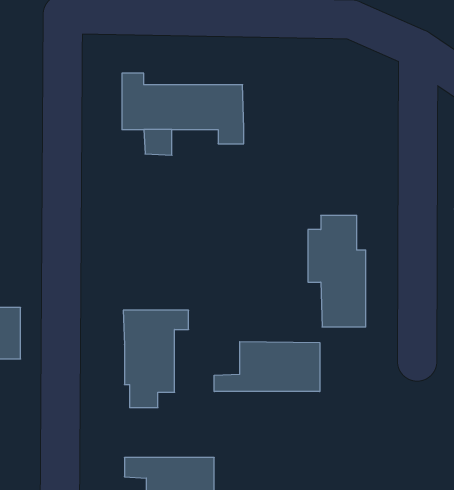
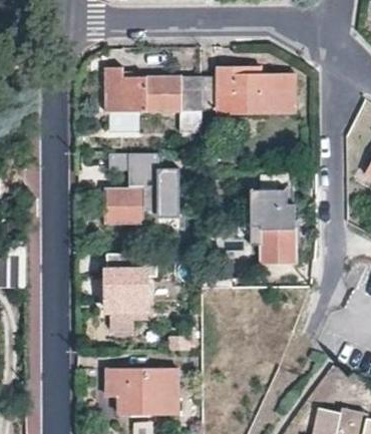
building: none -> [200,68,296,113]
building: none -> [106,152,180,224]
building: [214,342,320,392] -> none

